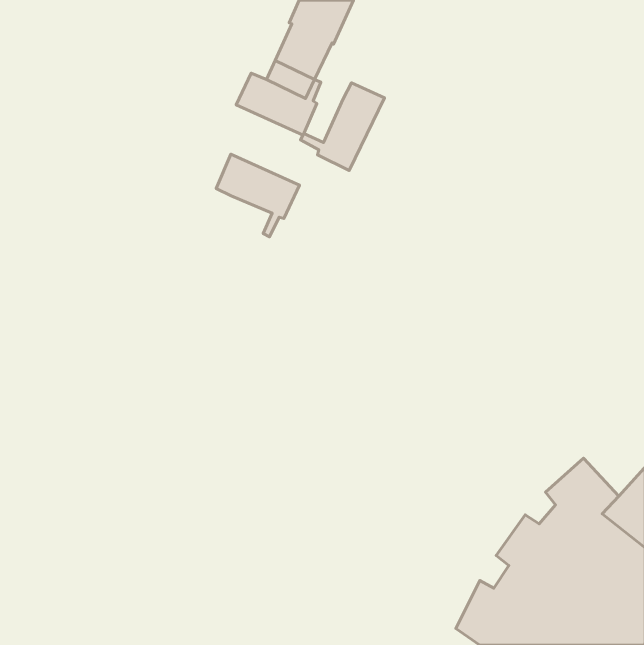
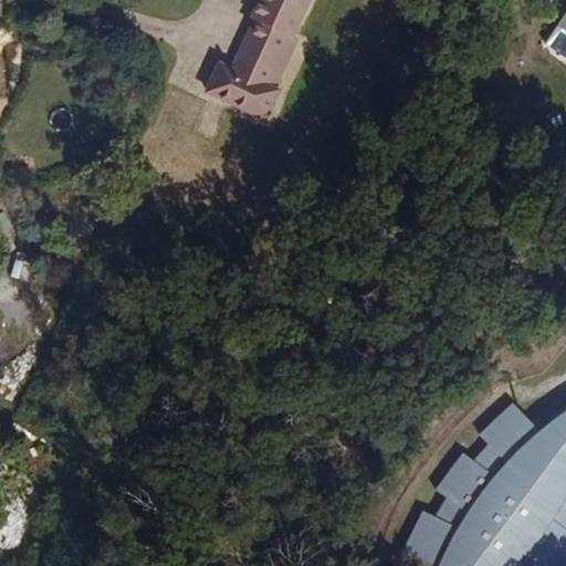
building: [300,83,384,171] -> none
building: [216,154,299,237] -> none

